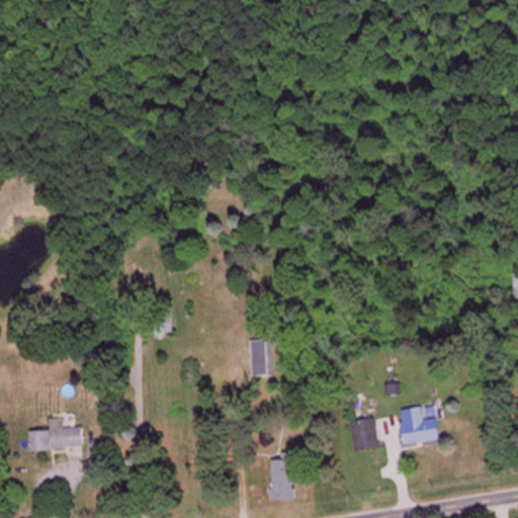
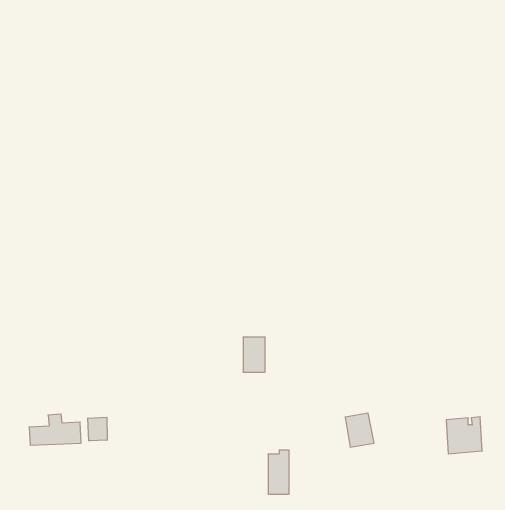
building: [401,407,437,444] -> [446,417,482,454]
building: none -> [88,417,107,441]

